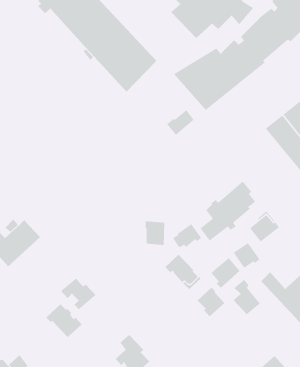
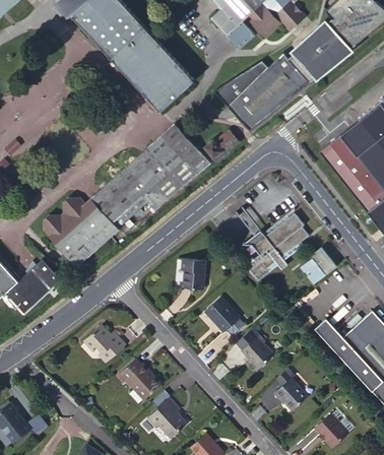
building: none -> [43,121,210,267]
building: [173,223,202,248] -> none
building: [233,242,261,269] -> none
building: [210,257,240,288] -> none
building: [233,279,261,315] -> [274,369,307,410]
building: [46,303,83,338] -> [118,359,161,398]

